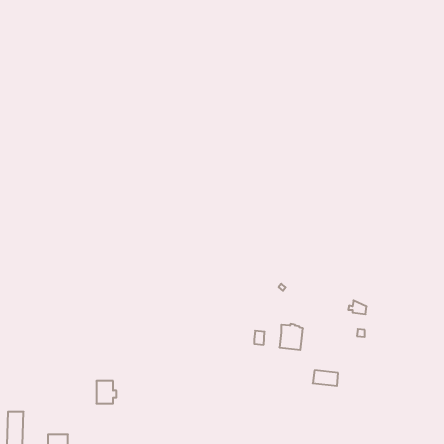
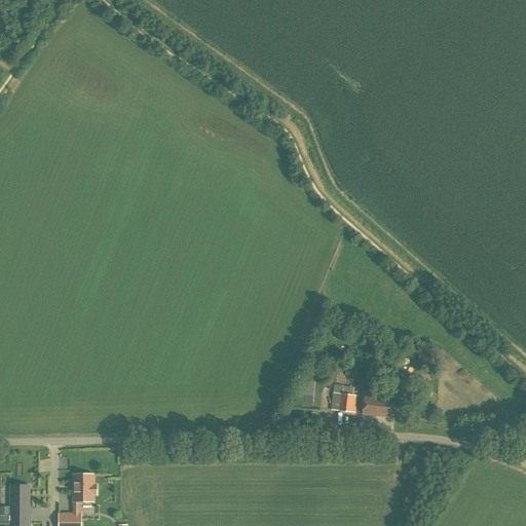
building: [313,370,338,386] -> [362,399,391,417]
building: [96,381,116,404] -> [72,476,96,502]

